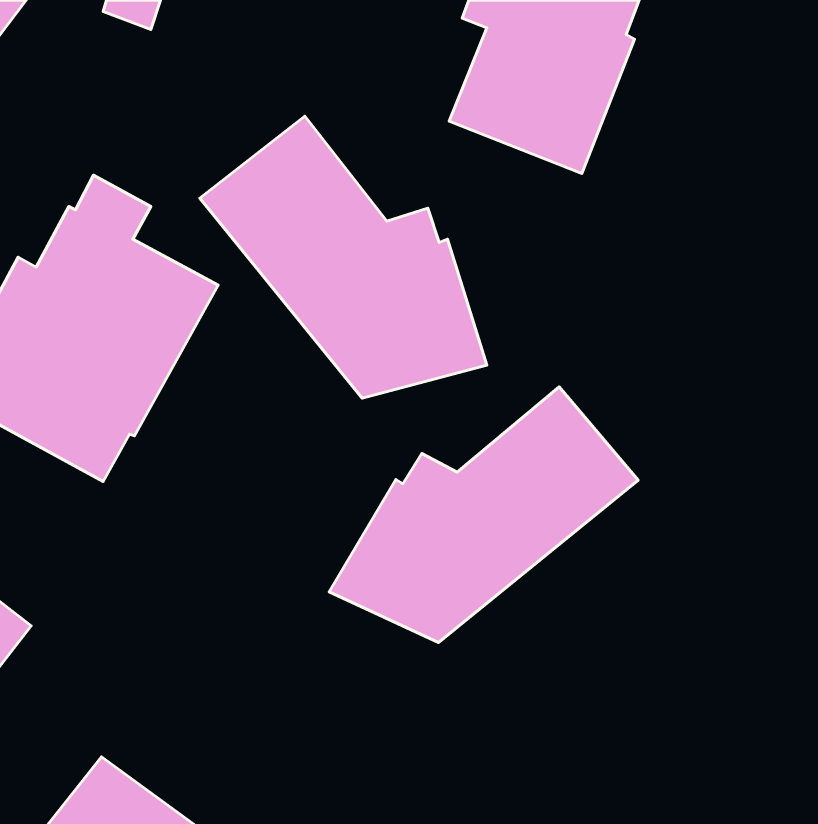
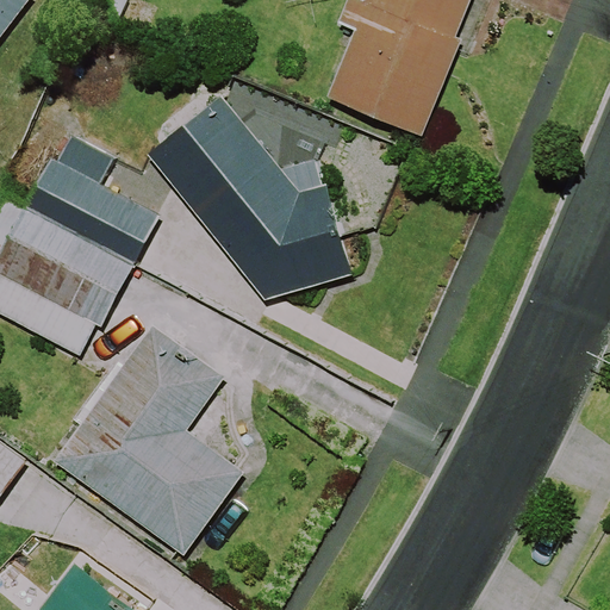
building: [329,387,638,642] -> none
building: none -> [51,324,242,555]

